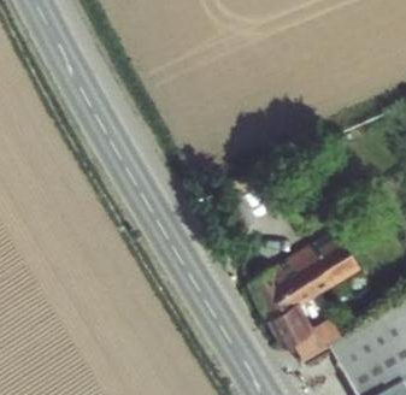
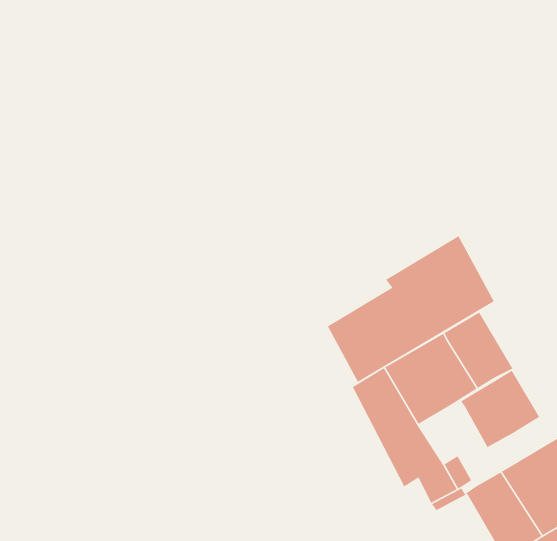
building: none -> [327,235,495,383]
building: none -> [460,370,540,448]

